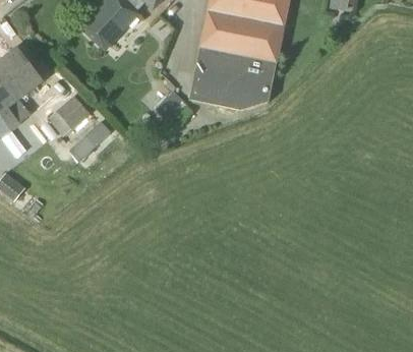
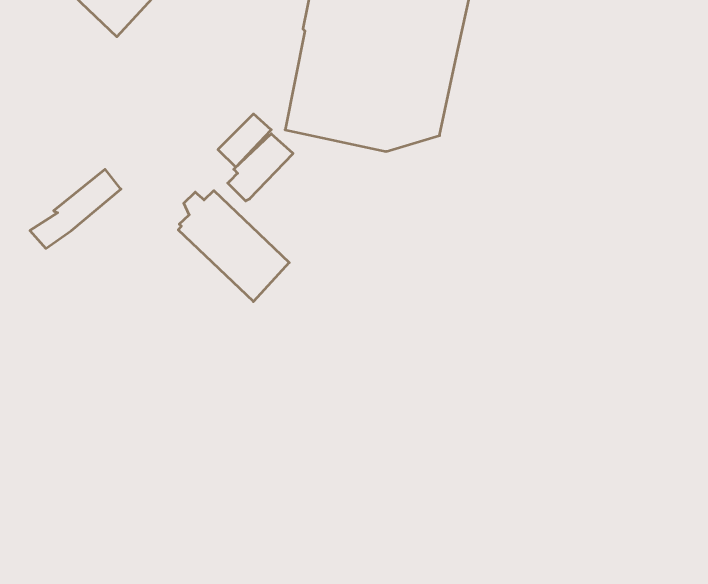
building: [47,94,91,135] -> none
building: none -> [178,191,289,302]

